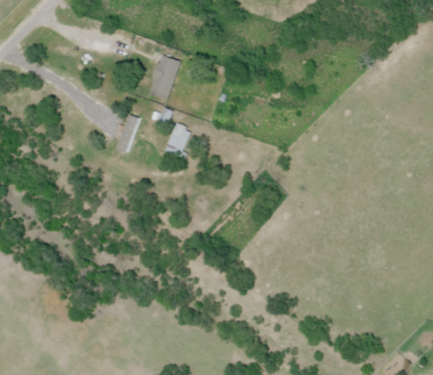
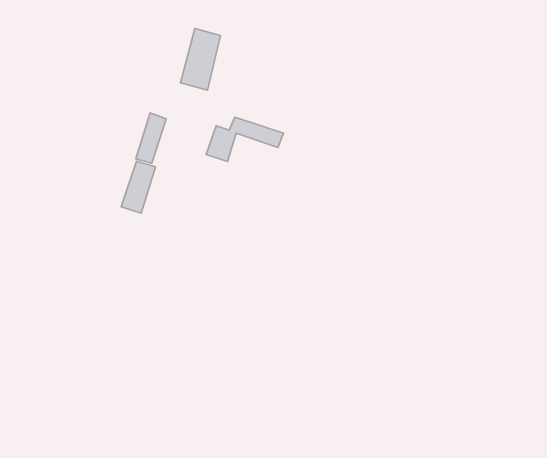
building: none -> [121,161,156,213]

